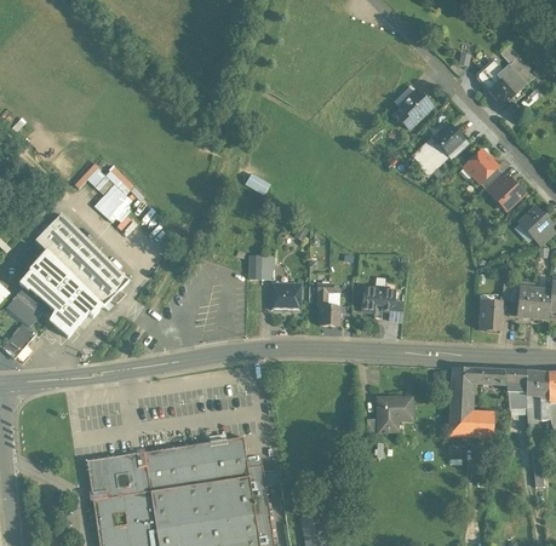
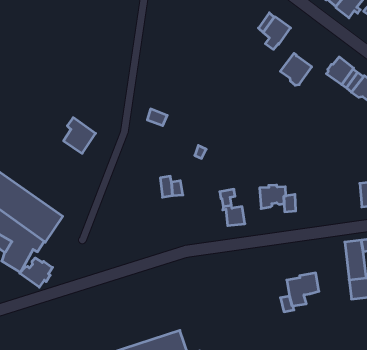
building: [432,123,463,157] -> none
building: [94,185,133,229] -> [64,118,96,153]
building: [271,282,299,309] -> none
building: none -> [20,258,53,287]

